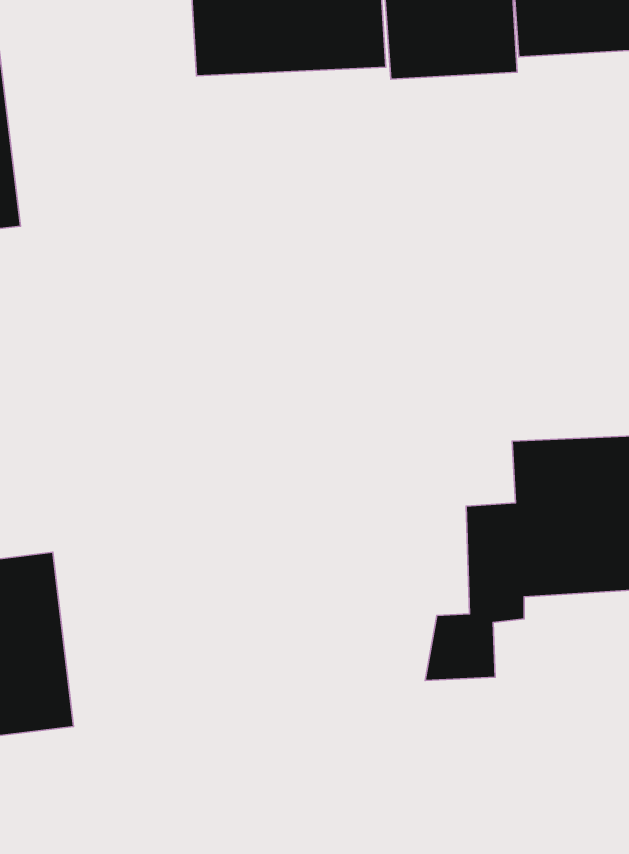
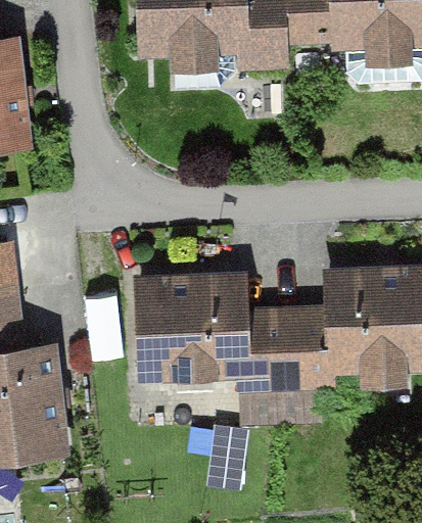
building: none -> [139,277,301,419]

